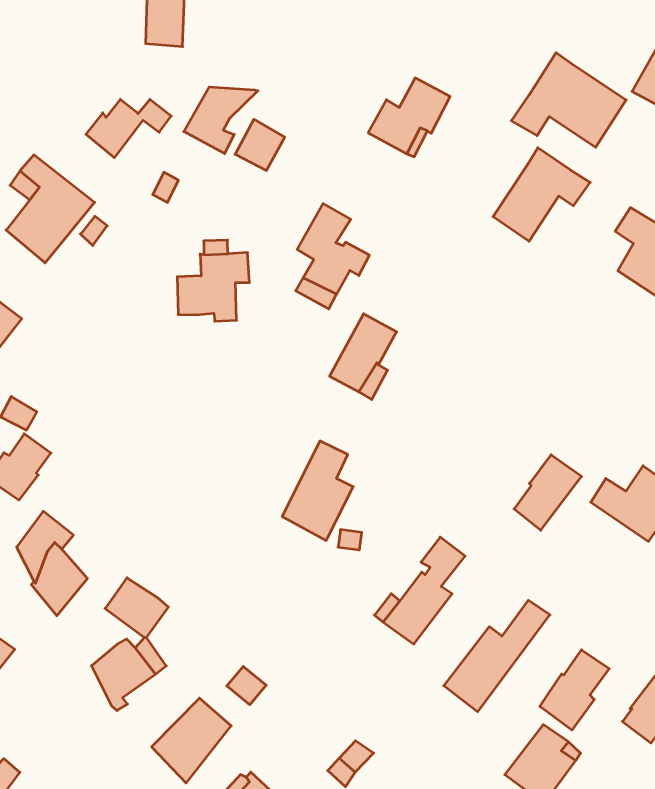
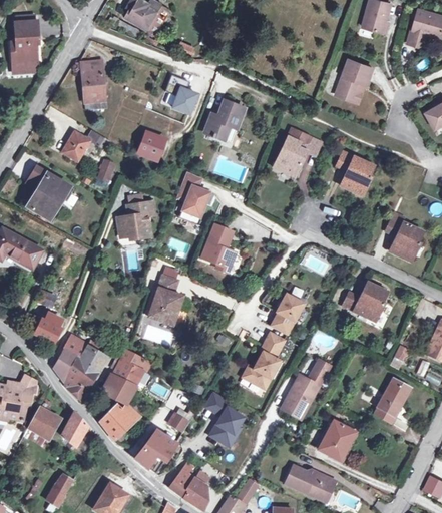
building: none -> [166,77,195,115]
building: [511,53,626,147] -> none
building: [184,87,258,154] -> none
building: [282,441,353,540] -> [148,275,182,325]
building: [514,455,582,530] -> [271,295,303,334]
building: none -> [64,336,105,378]
building: none -> [112,350,144,387]
building: none -> [206,393,245,447]
building: none -> [61,412,87,447]
building: [540,650,609,730] -> none

